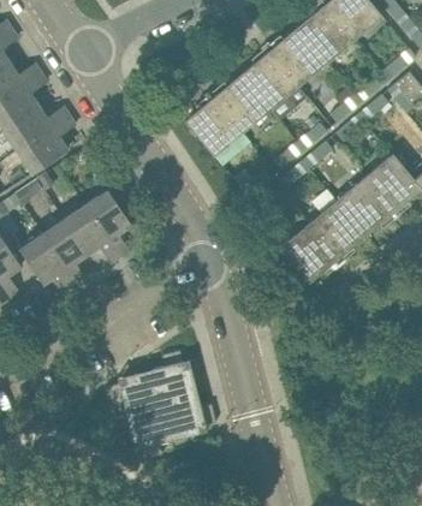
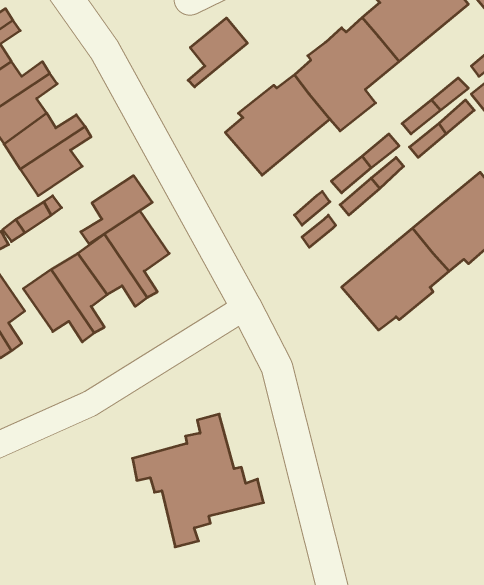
building: none -> [188,18,247,87]
building: none -> [81,176,152,244]

